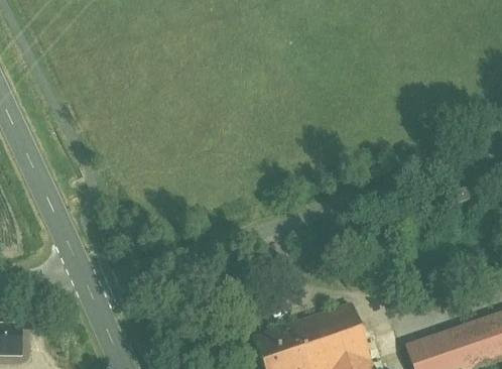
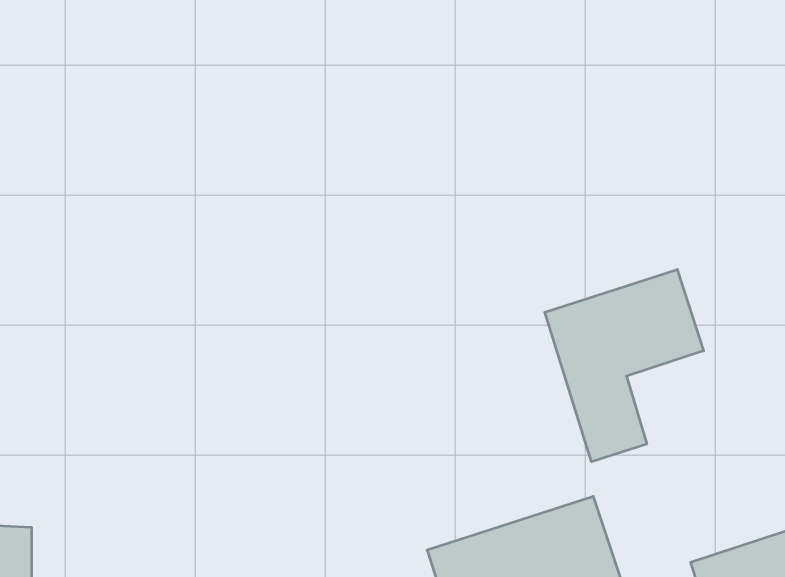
building: none -> [545,269,704,462]

